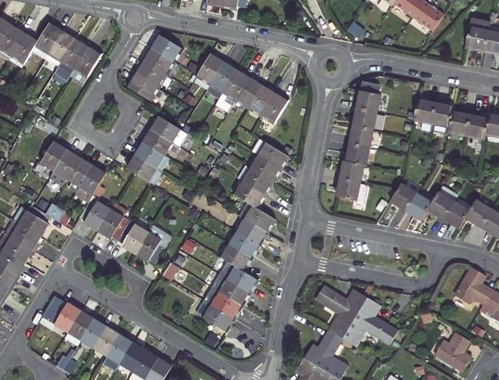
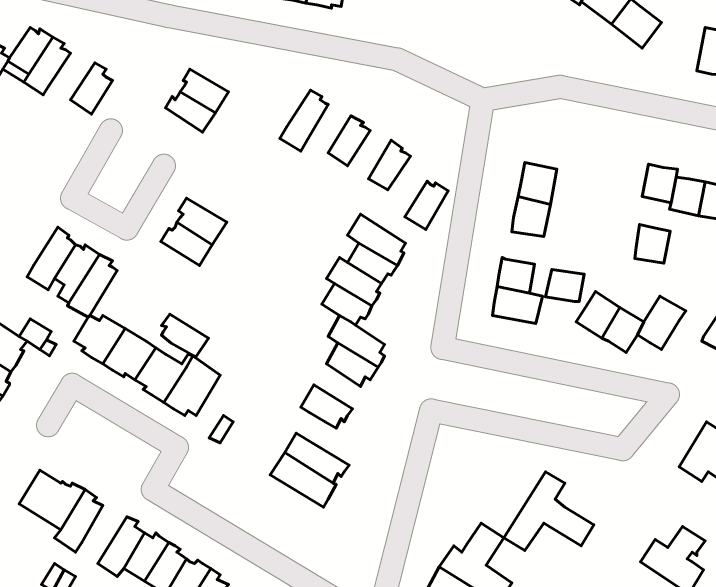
building: [150,35,182,61] -> none
building: [54,37,91,80] -> none
building: [197,53,225,83] -> none
building: [223,69,250,105] -> none
building: [129,71,164,98] -> none
building: [358,82,381,109] -> none
building: [248,85,275,115] -> [405,181,448,230]
building: [413,102,435,126] -> [635,225,670,263]
building: [148,115,181,142] -> none
building: [40,139,68,169] -> none
building: [346,148,370,168] -> [545,269,584,302]
building: [127,154,156,181] -> [162,314,208,358]
building: [443,203,469,231] -> none
building: [227,230,256,258] -> none
building: [216,260,254,293] -> none
building: [320,284,371,338] -> none
building: [192,299,233,332] -> none
building: [83,318,111,349] -> none

